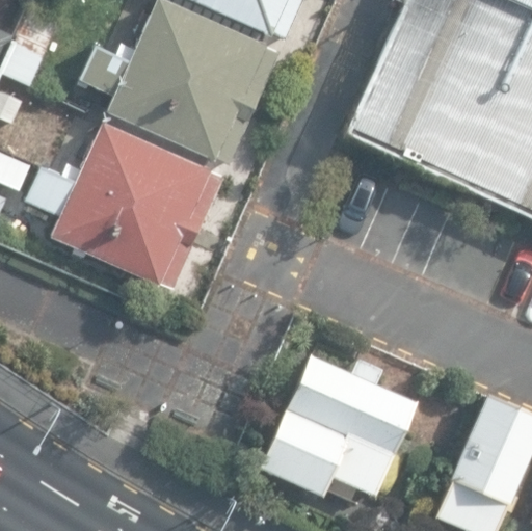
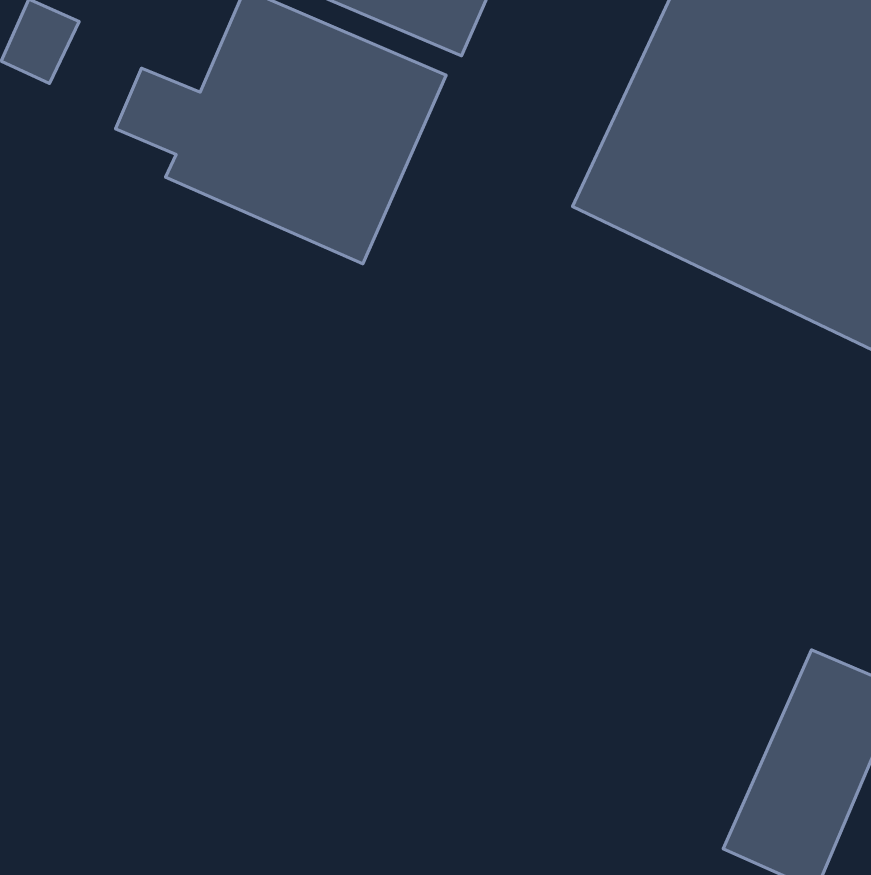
building: [16,125,218,292] -> none
building: [258,355,422,495] -> none

